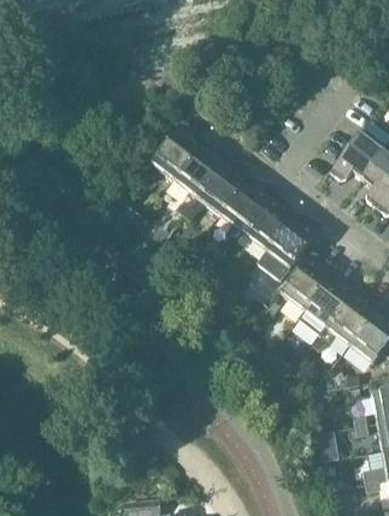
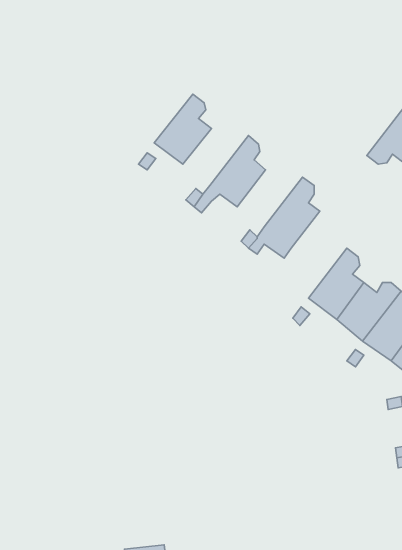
building: [173,149,229,198] -> none
building: [219,185,275,233] -> none
building: [257,220,322,281] -> none

